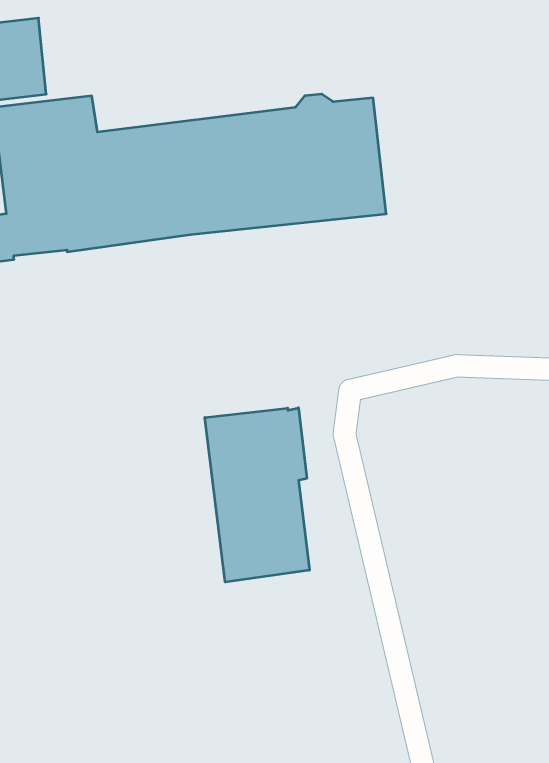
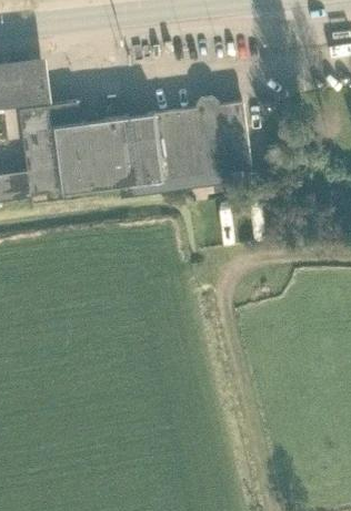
building: [205,408,309,582] -> none

